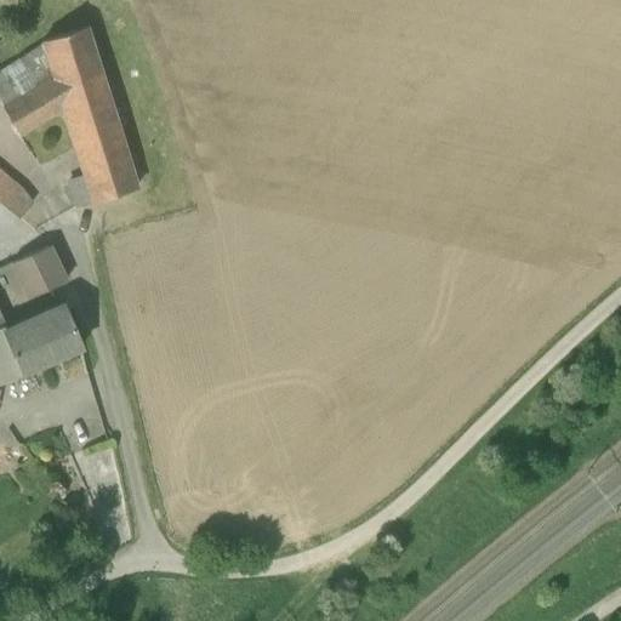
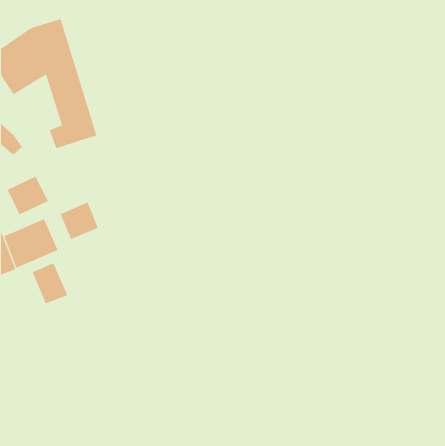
building: none -> [60,202,99,240]
building: none -> [32,262,68,304]

